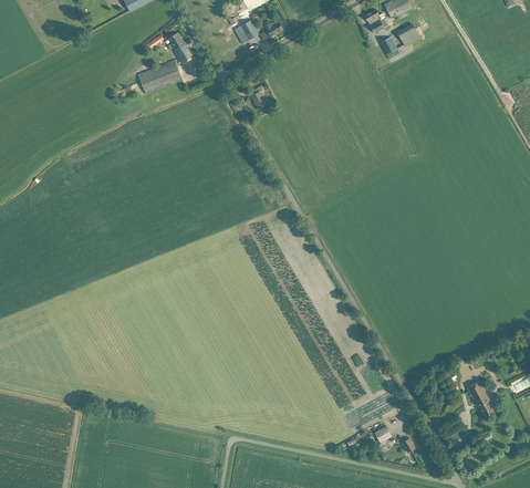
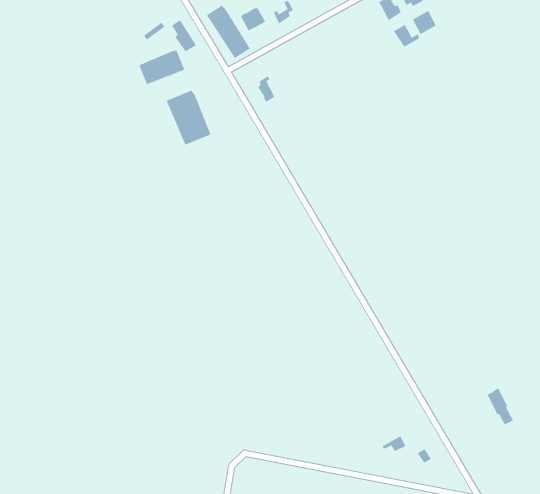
building: none -> [206,5,251,59]
building: none -> [166,90,211,146]

